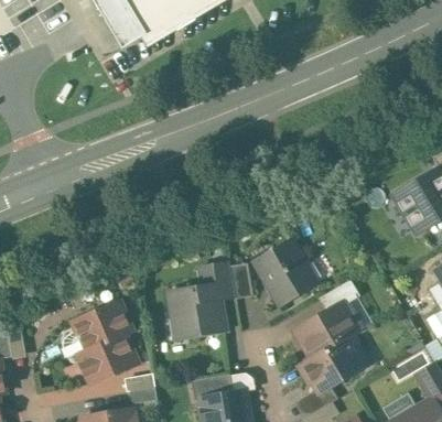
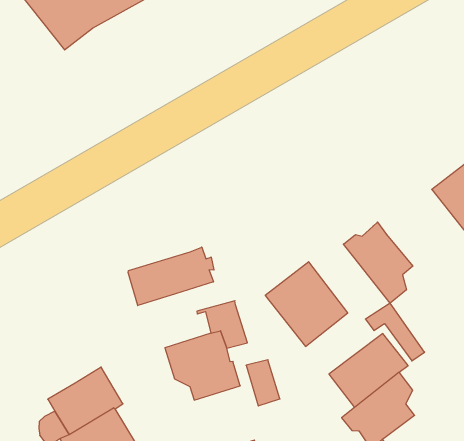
building: none -> [343,222,413,303]
building: none -> [128,247,214,306]
building: [228,264,251,300] -> [246,360,280,406]

